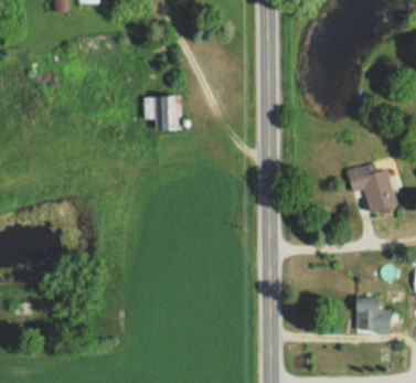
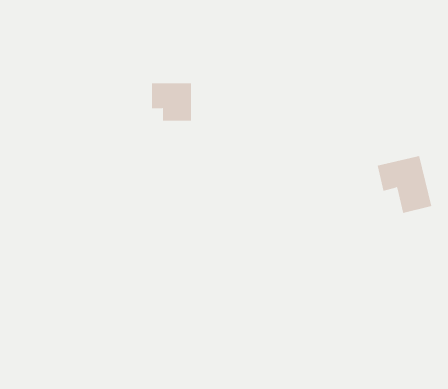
building: [356,297,391,331] -> none

